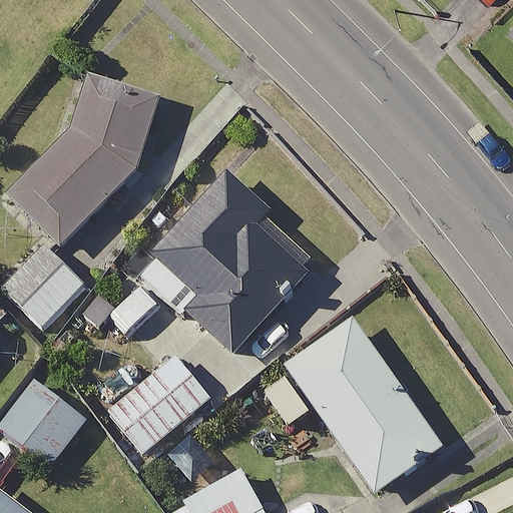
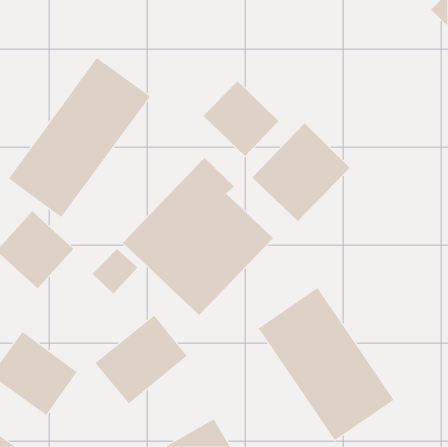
building: none -> [203,80,279,157]
building: none -> [252,123,351,222]

